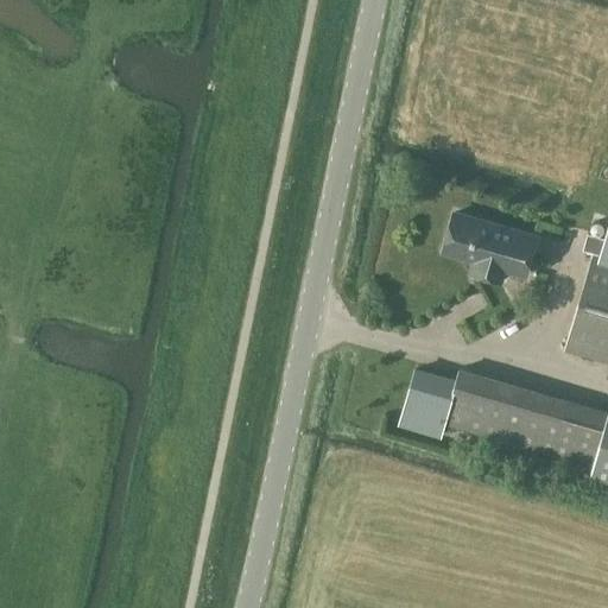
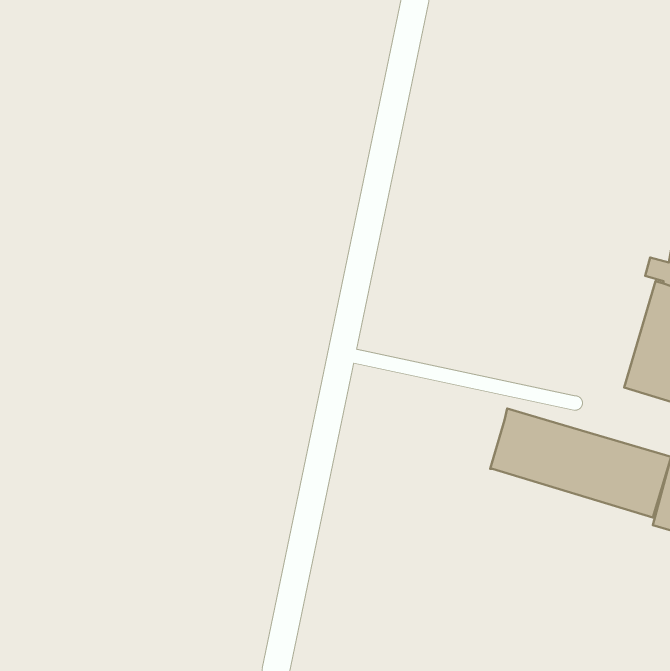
building: [444,213,537,281] -> none
building: [400,368,457,436] -> none

